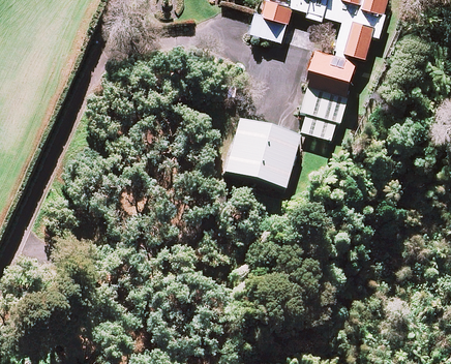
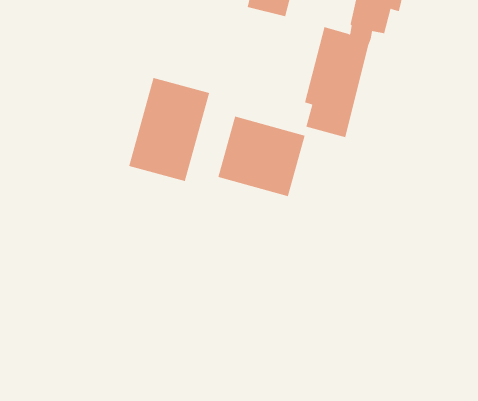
building: none -> [129,77,210,182]

